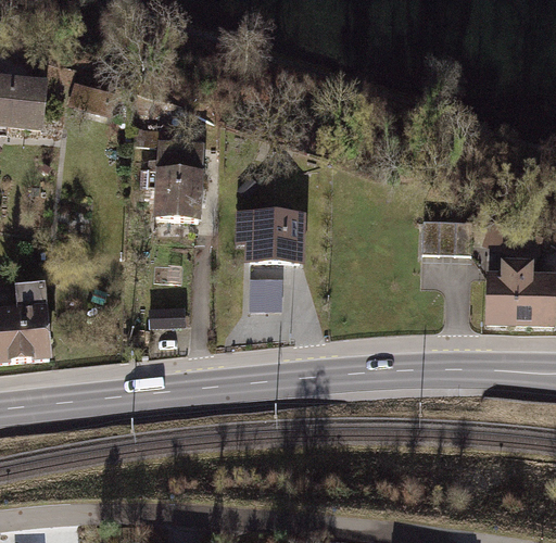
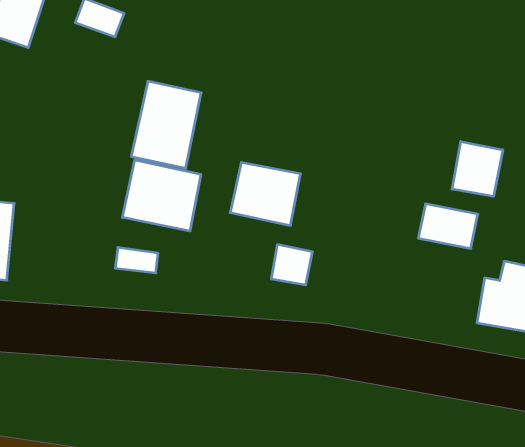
building: none -> [452,141,503,196]
building: none -> [122,160,201,231]
building: [253,278,287,311] -> [271,245,313,285]

